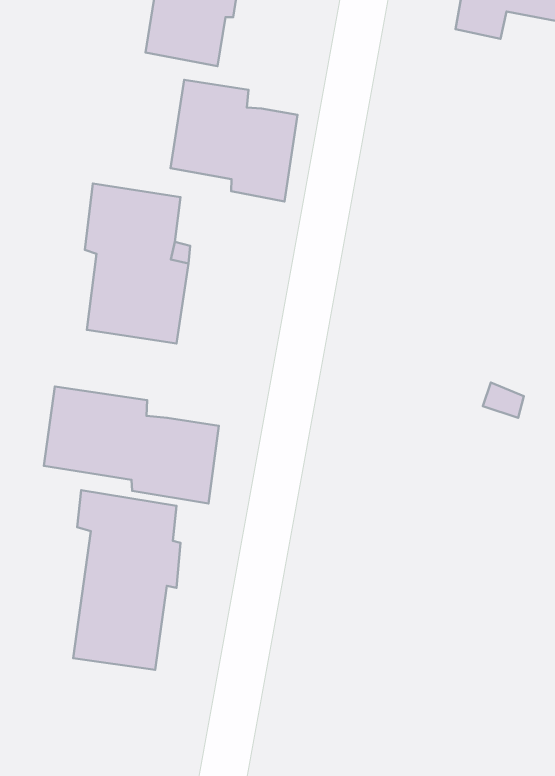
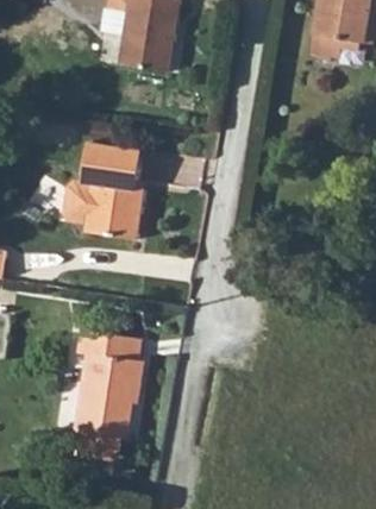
building: [170,80,297,202] -> none
building: [44,386,219,504] -> none

